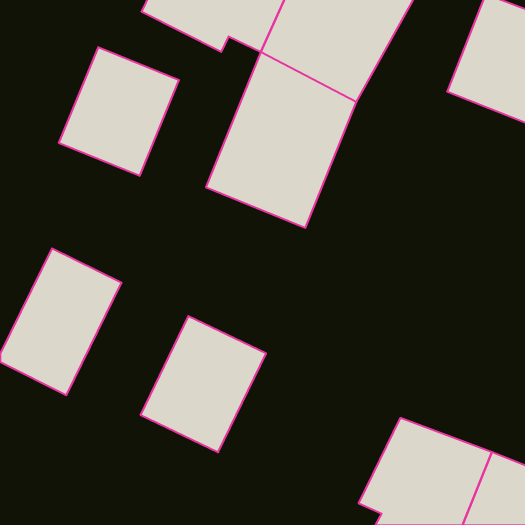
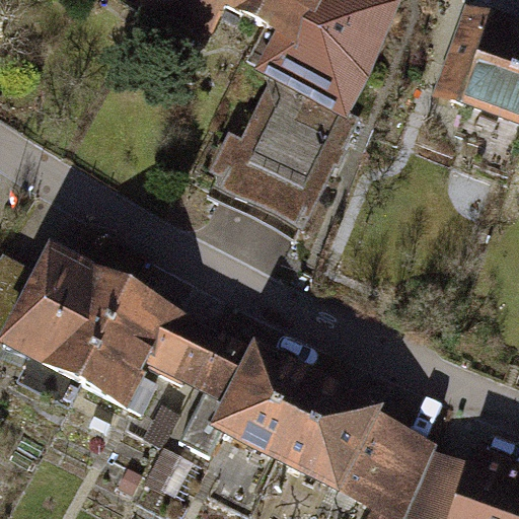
building: [59,47,179,176] -> none
building: none -> [71,276,190,417]
building: none -> [219,345,396,505]

